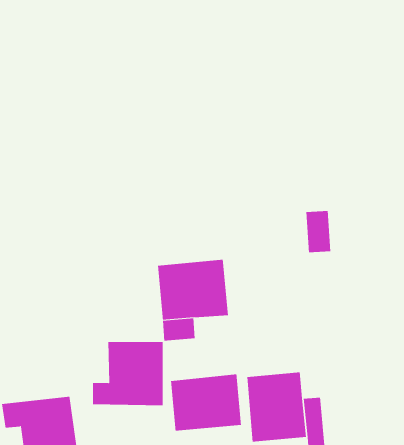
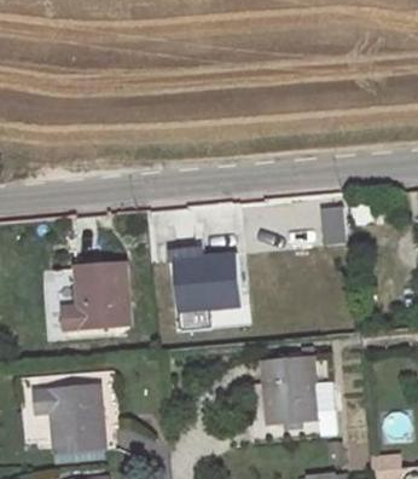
building: [92,342,164,406] -> [60,260,128,321]
building: [170,373,242,431] -> none

